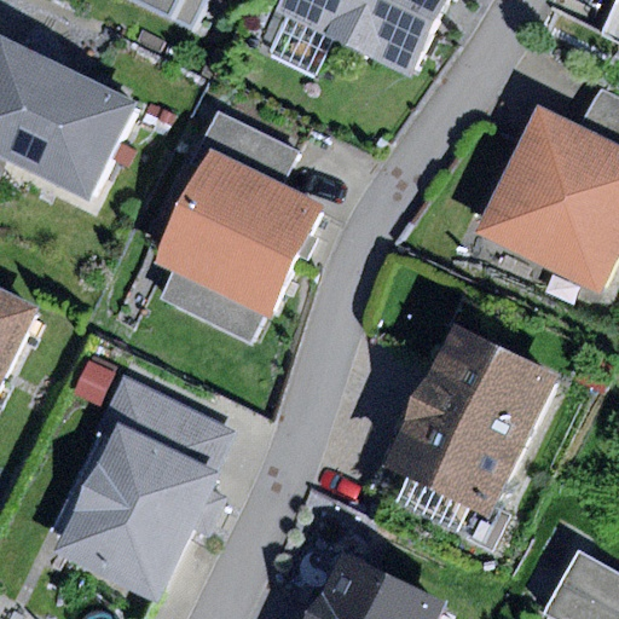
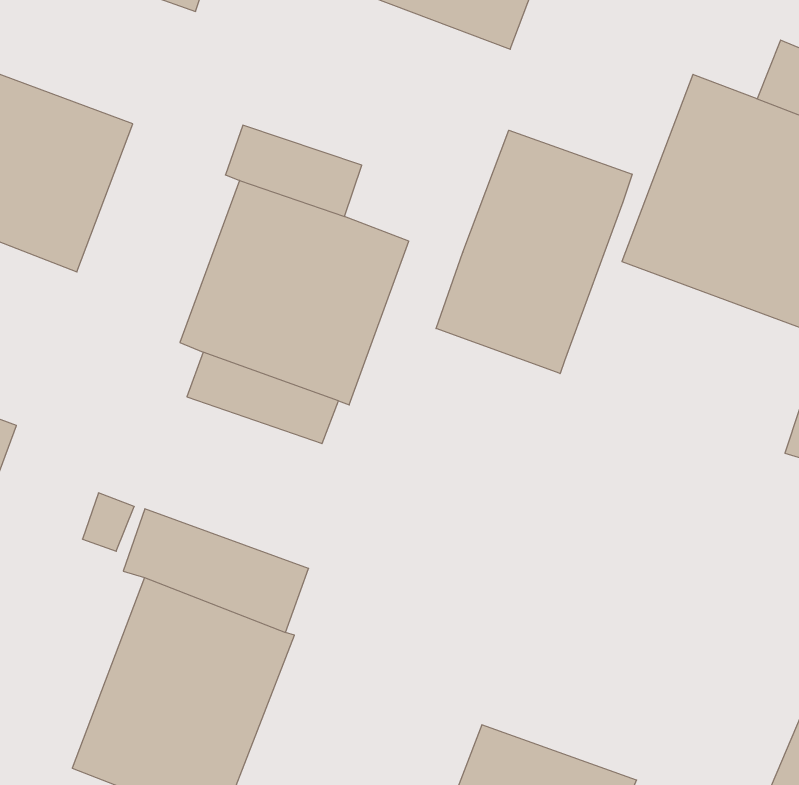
building: none -> [436,130,632,374]
building: [384,324,559,519] -> none

